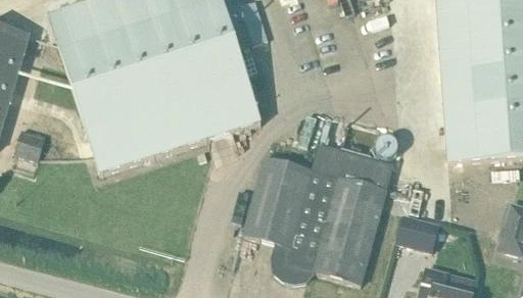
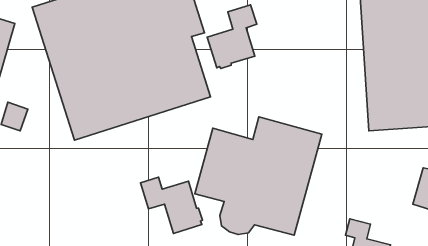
building: none -> [207,5,257,69]
building: none -> [140,177,202,233]
building: [394,215,437,251] -> none

